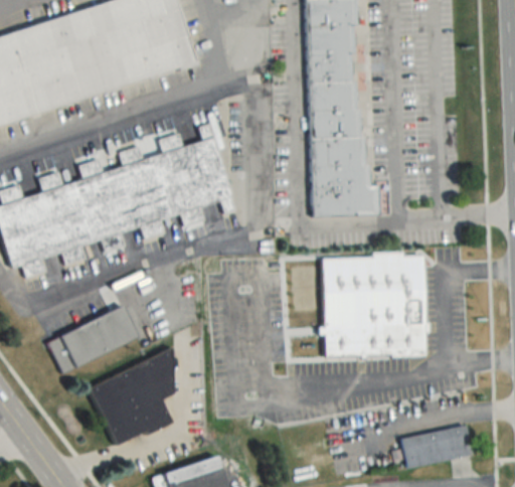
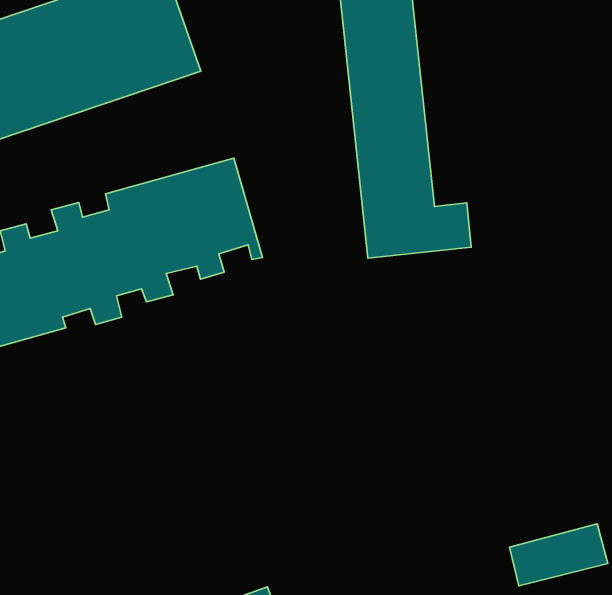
building: [323,255,426,356] -> none
building: [47,308,139,371] -> none
building: [91,352,181,445] -> none

